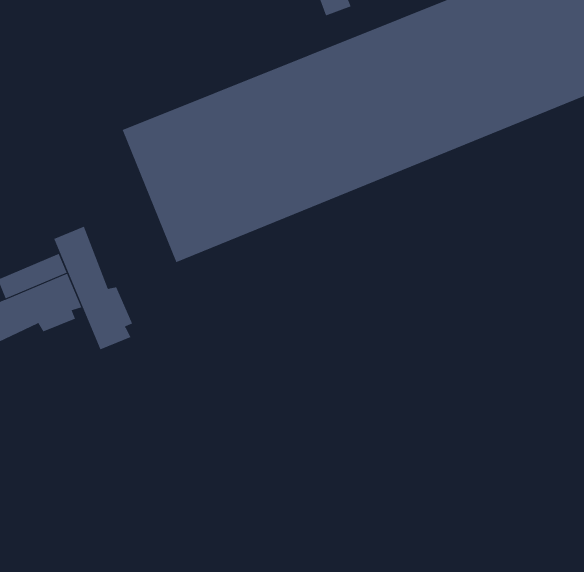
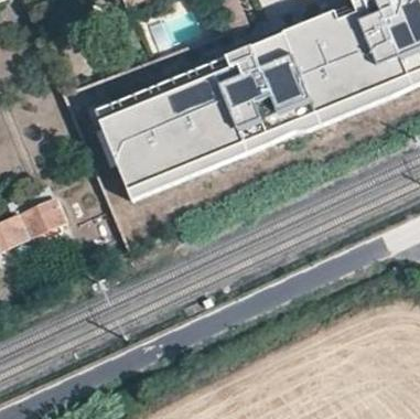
building: [54,226,133,350] -> none

